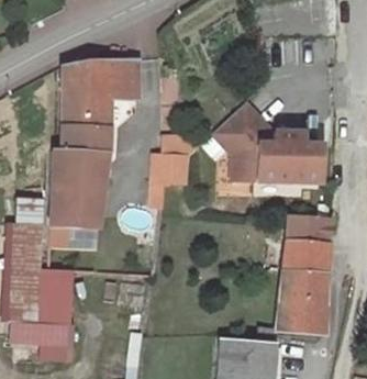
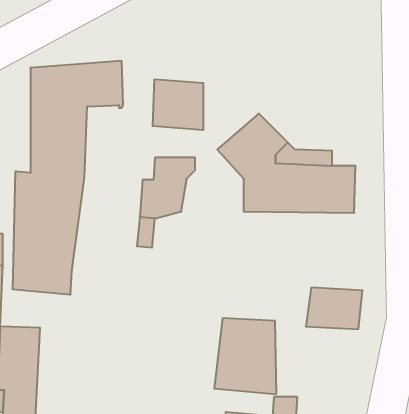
building: none -> [153,79,203,130]
building: [287,216,331,244] -> none
building: [276,272,325,333] -> [214,318,276,394]

